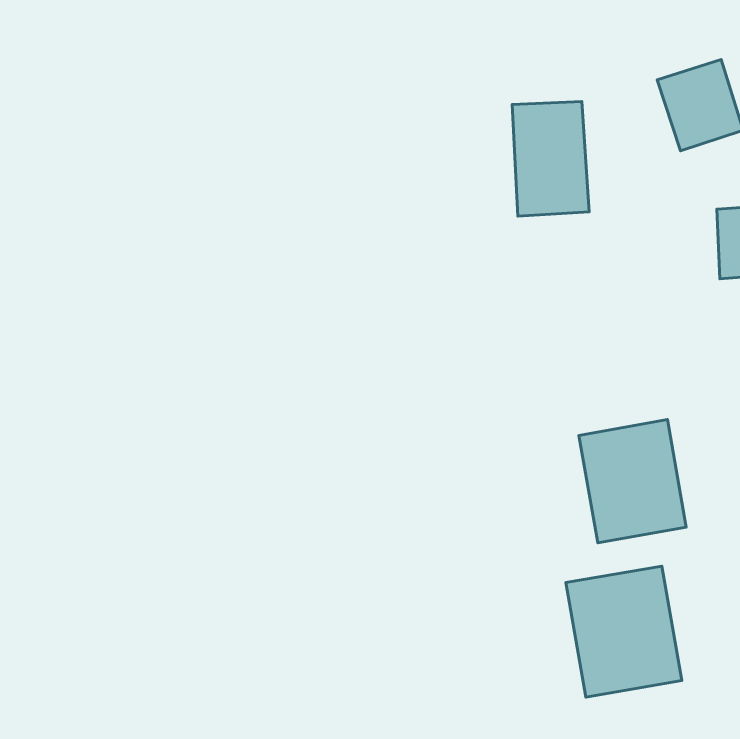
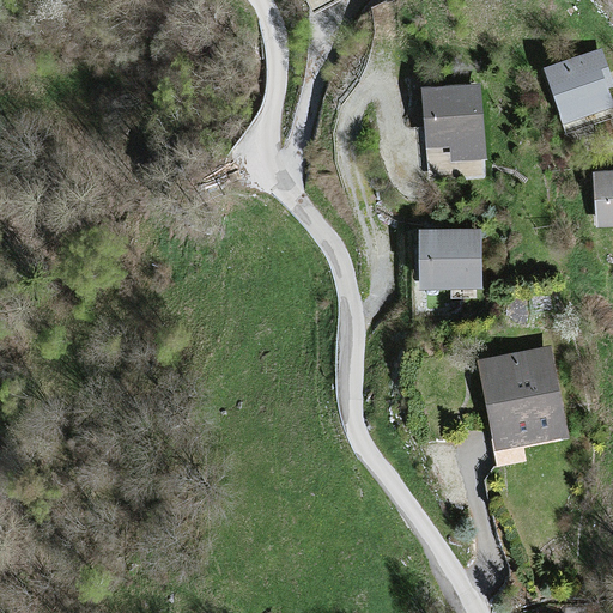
building: none -> [418,230,481,289]
building: [566,566,682,697] -> none

